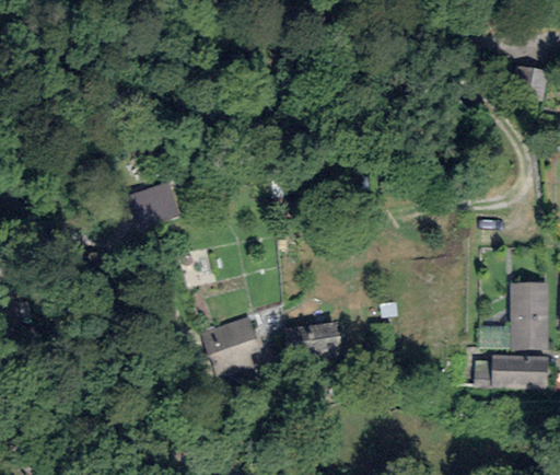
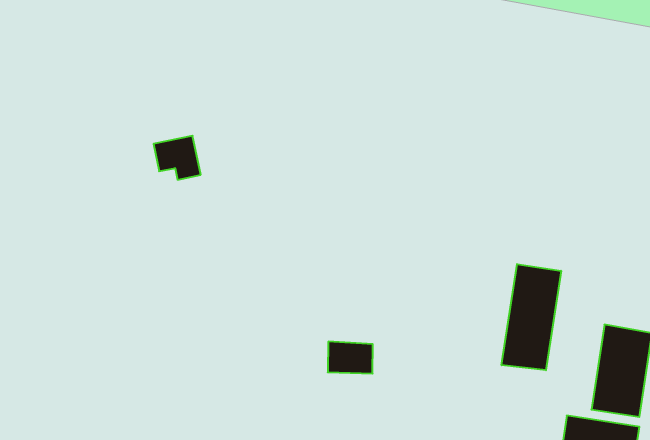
building: none -> [502,264,561,370]
building: [203,316,259,368] -> none

